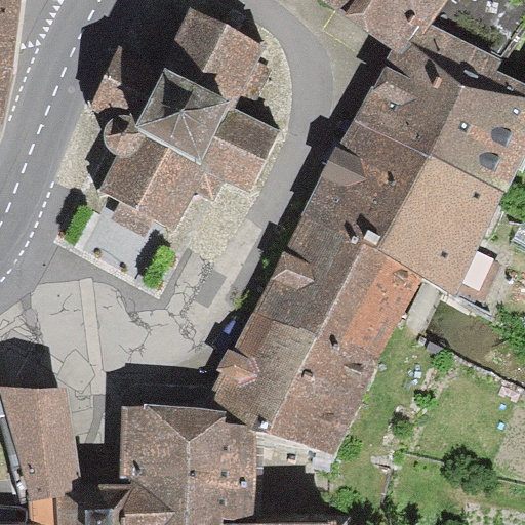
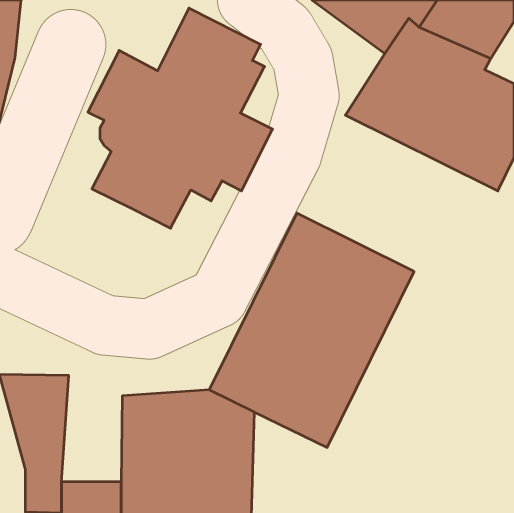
building: [301,120,499,294] -> none

